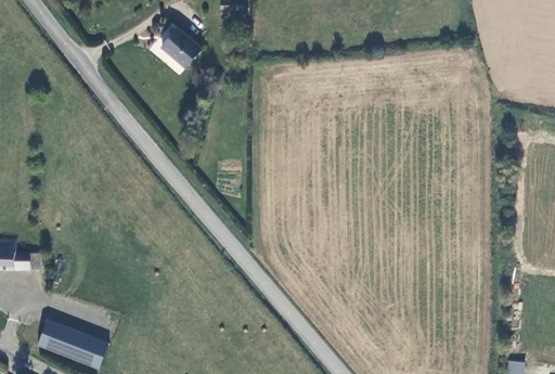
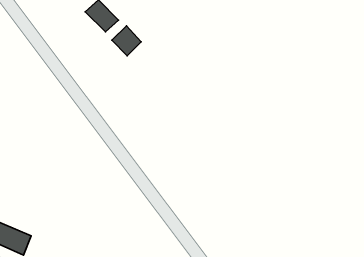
building: none -> [112,26,141,56]

